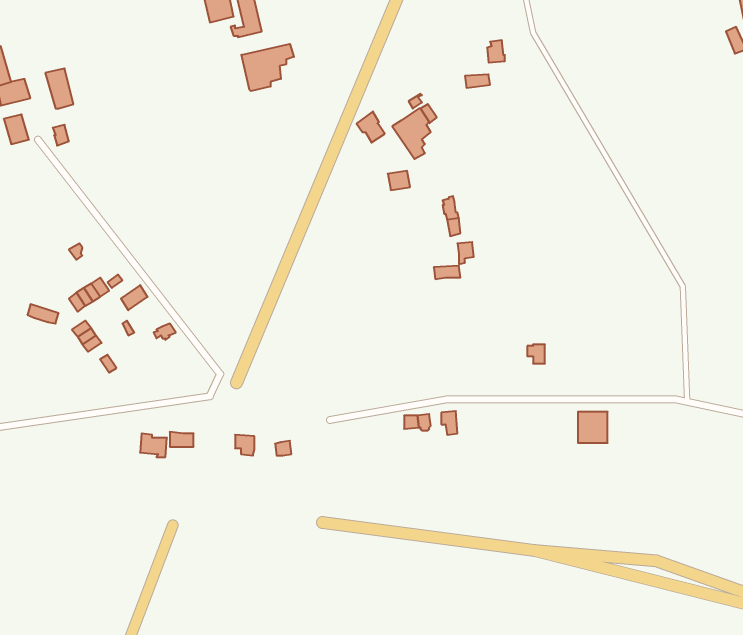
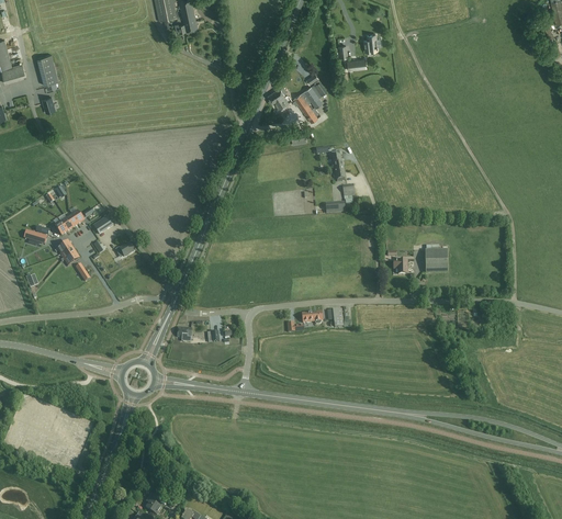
building: [241,44,294,91] -> none
building: [578,412,608,443] -> [426,249,448,272]

